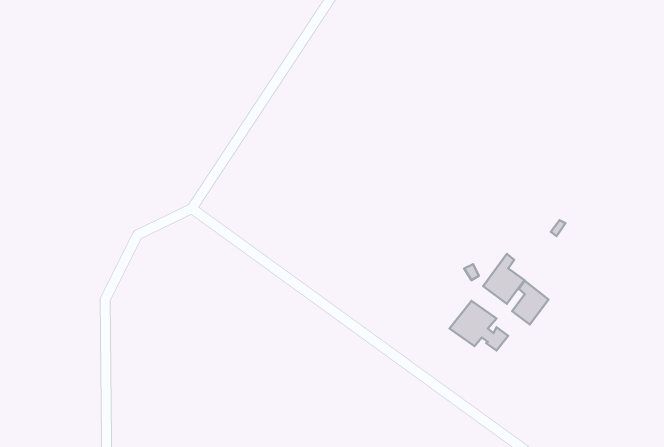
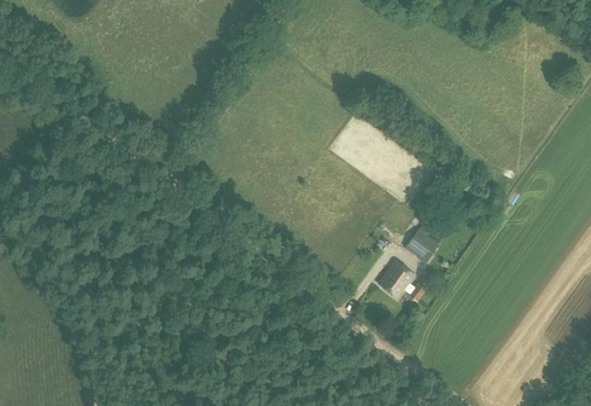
building: [512,281,548,324] -> none

